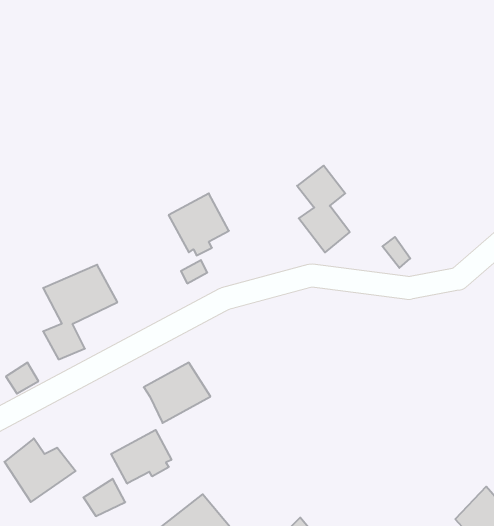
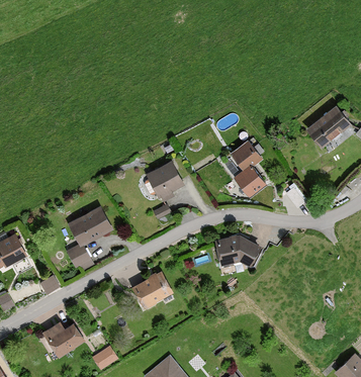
building: none -> [304,107,351,150]
building: none -> [214,233,261,267]
building: [111,430,171,484] -> none

